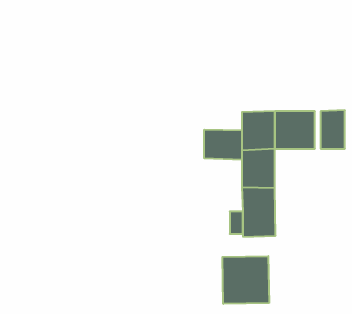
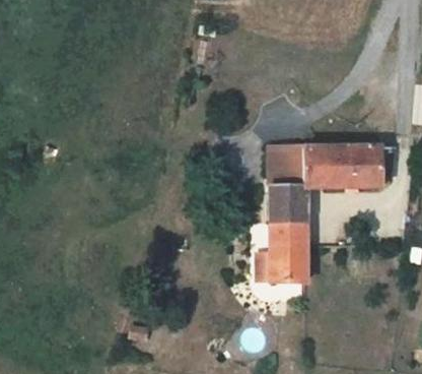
building: [204,130,242,160] -> none
building: [222,256,269,304] -> none

